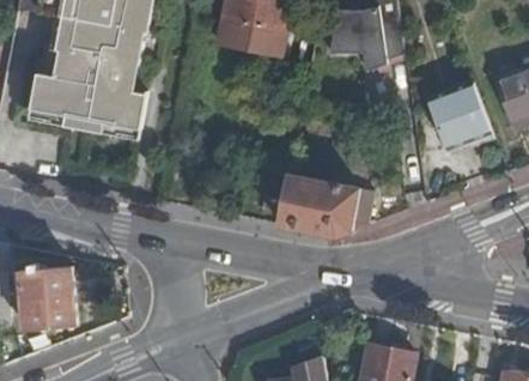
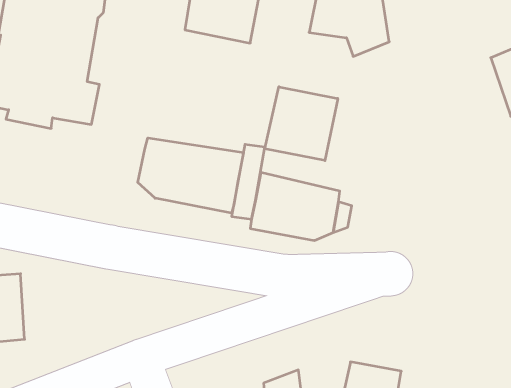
building: [430,83,492,149] -> none
building: none -> [265,87,338,161]
building: none -> [138,138,243,213]

